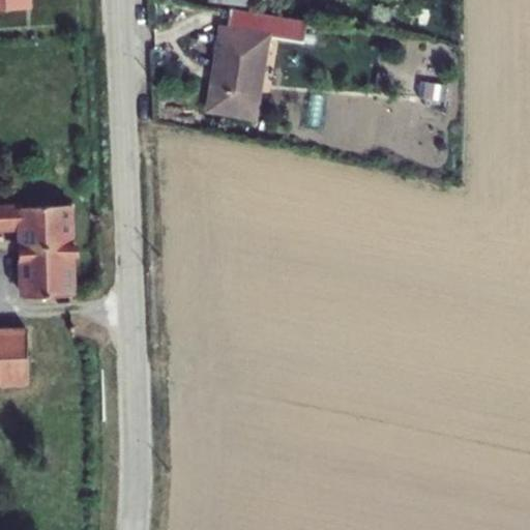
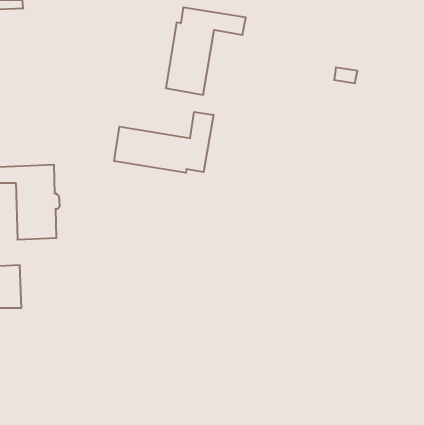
building: none -> [114,112,213,173]

